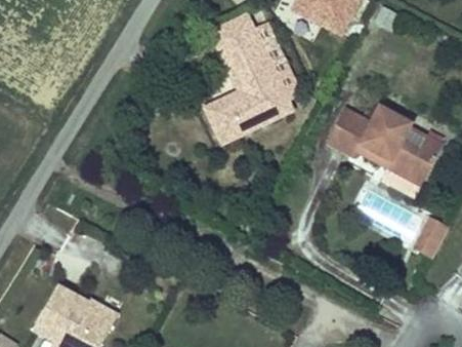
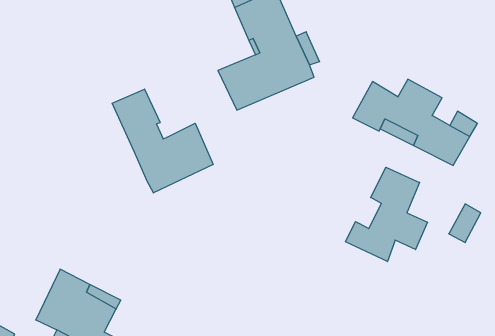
building: none -> [112,89,213,193]
building: none -> [345,167,427,262]

